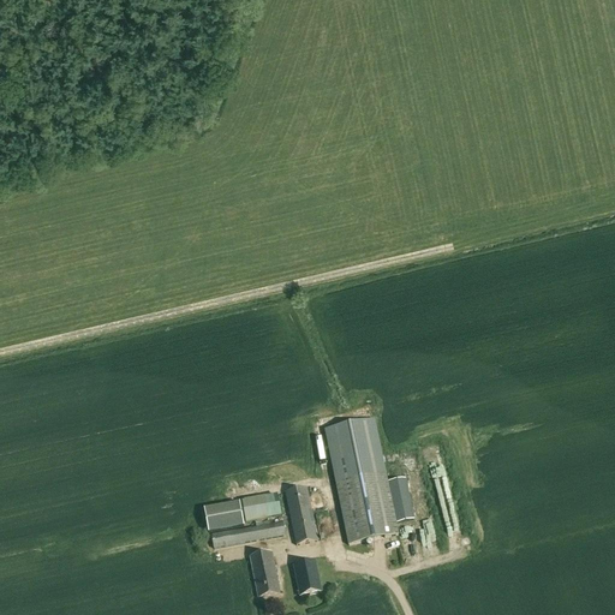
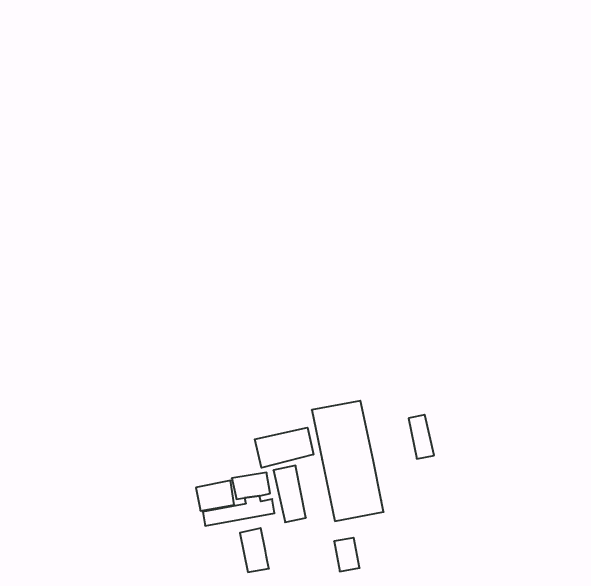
building: none -> [255,428,313,468]
building: [387,473,413,519] -> [409,415,434,459]
building: [293,557,320,592] -> [334,538,360,571]

